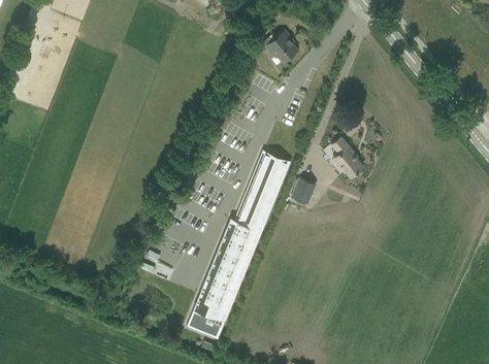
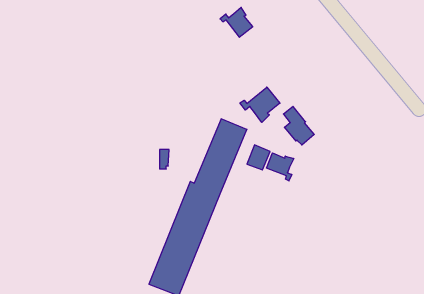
building: none -> [240,87,280,122]
building: none -> [267,153,294,181]

